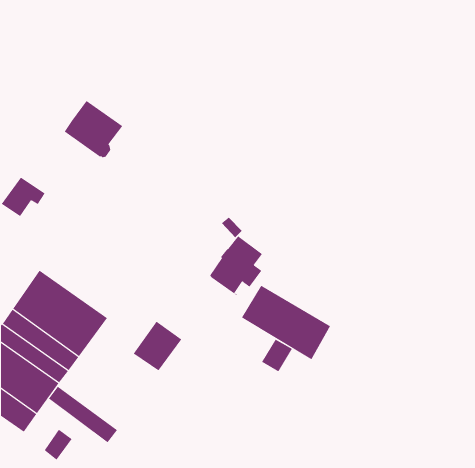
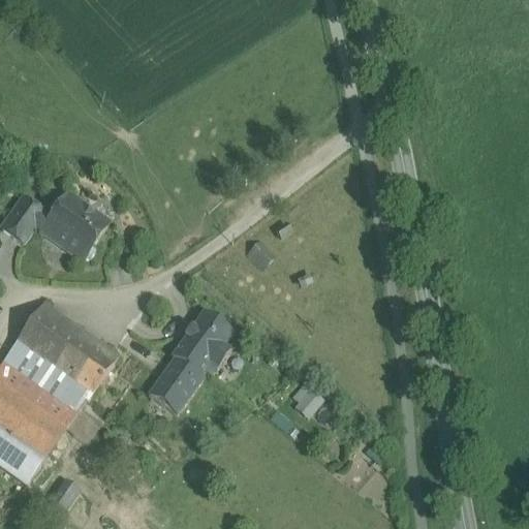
building: [64,100,123,158] -> [42,192,108,256]
building: [209,235,263,296] -> [172,310,231,377]
building: [241,285,331,360] -> none
building: [48,386,118,443] -> none

